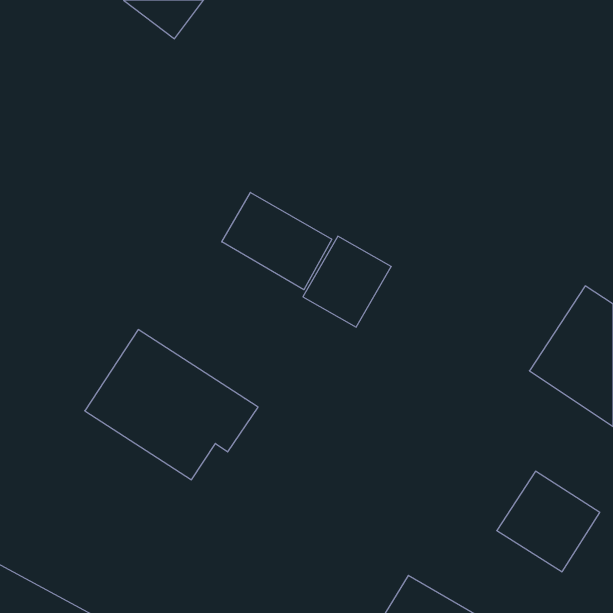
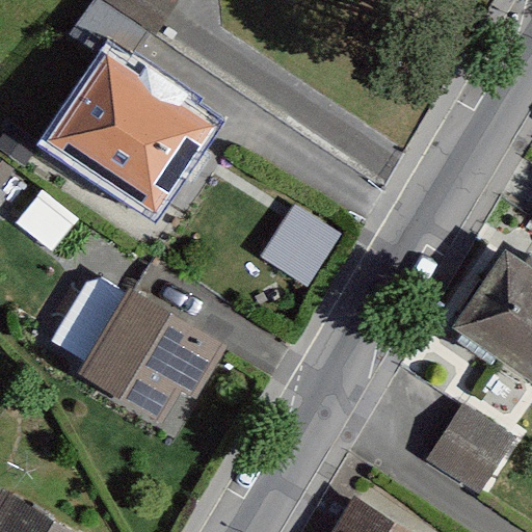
building: none -> [47,50,212,206]
building: [222,192,332,290] -> none

